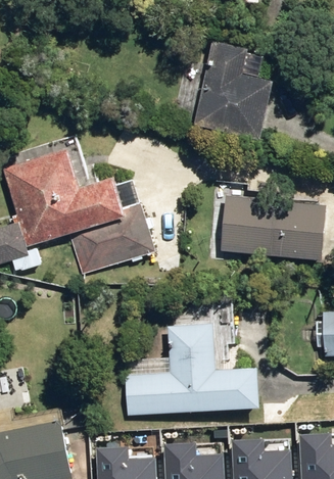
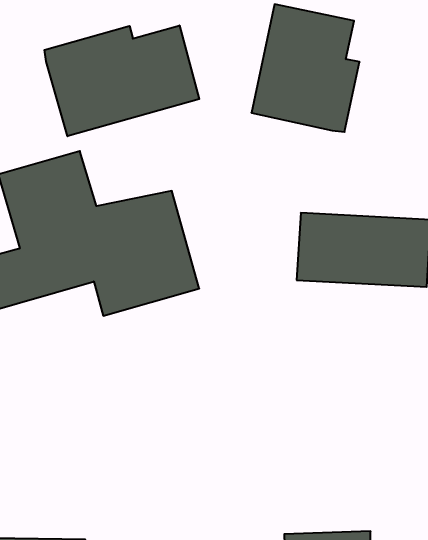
building: none -> [44,25,199,136]
building: [127,325,259,415] -> none

